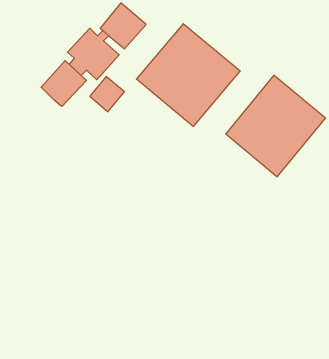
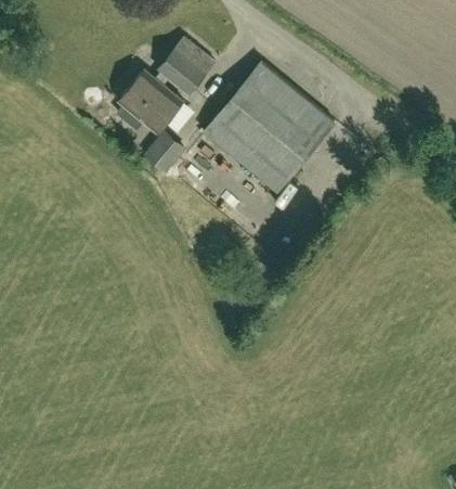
building: [41,61,87,106] -> none
building: [226,75,325,177] -> none

